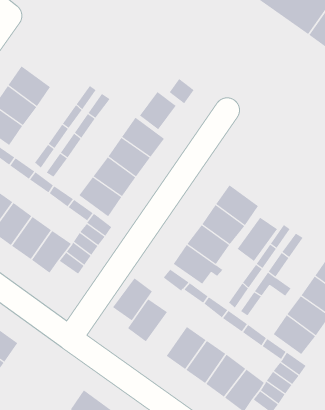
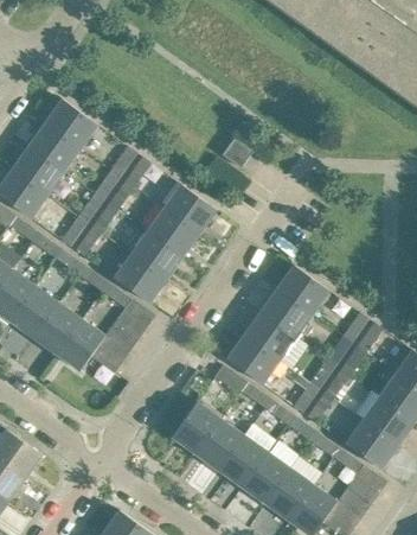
building: none -> [45,100,97,148]
building: [139,91,177,130] -> none
building: [237,217,278,262] -> none
building: [112,277,153,321] -> [194,418,243,470]

